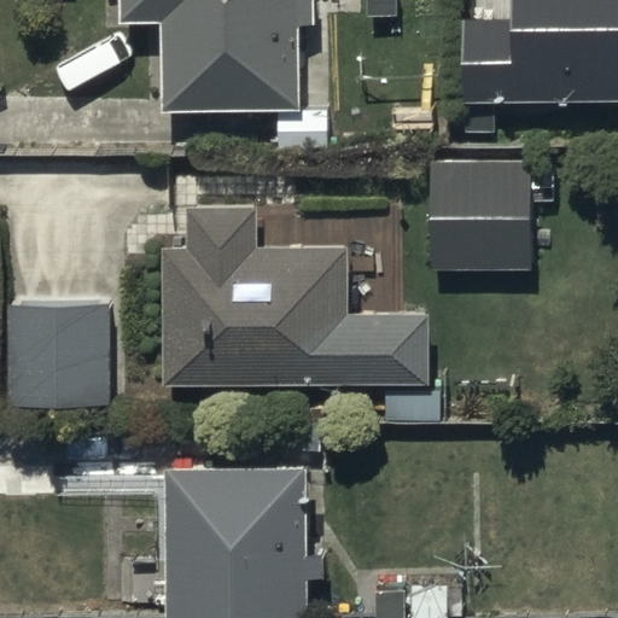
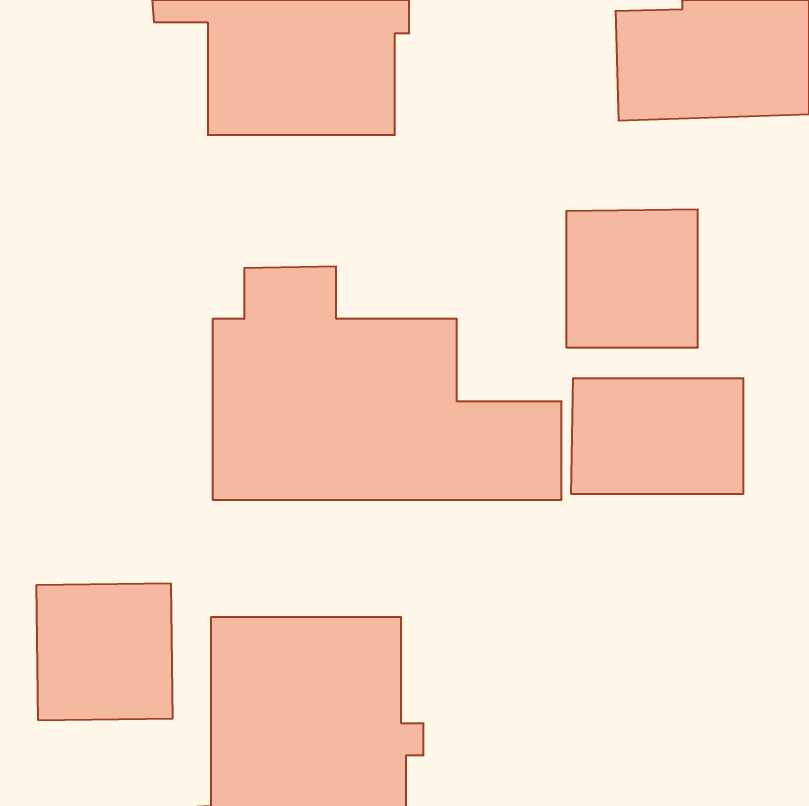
building: none -> [571,378,743,494]
building: [10,304,113,408] -> [36,584,173,720]

